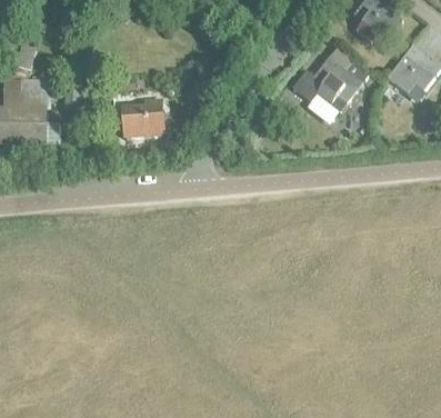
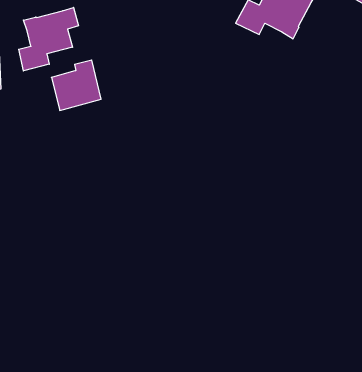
building: none -> [19,7,79,71]

